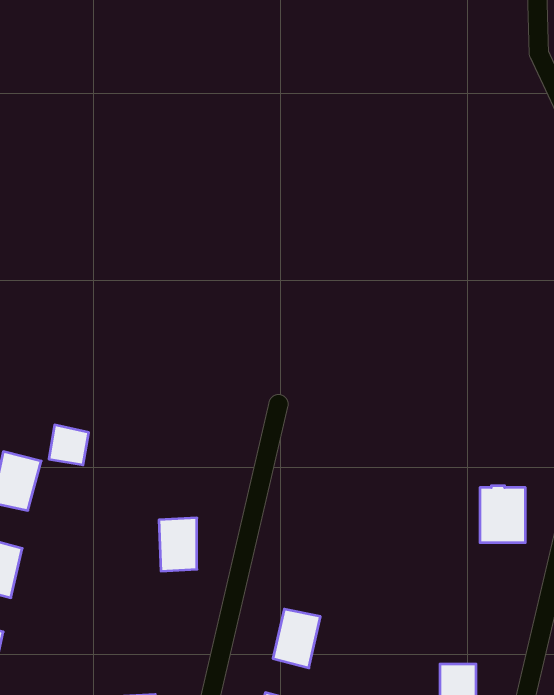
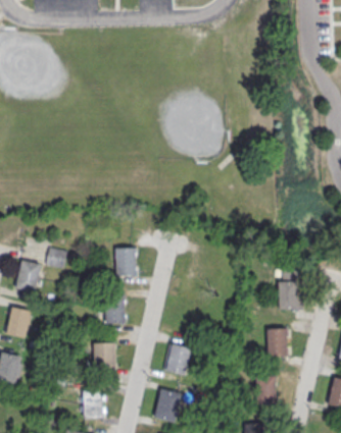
building: none -> [115,249,137,277]
building: none -> [266,327,288,356]
building: none -> [95,343,116,372]

